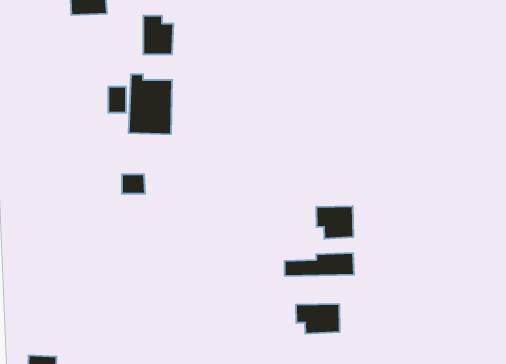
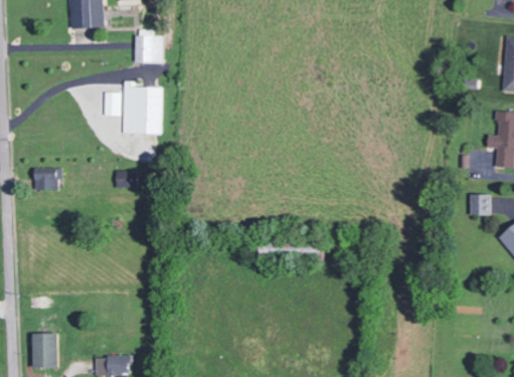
building: none -> [34,168,62,190]
building: [316,206,353,239] -> none
building: [296,304,340,334] -> none

